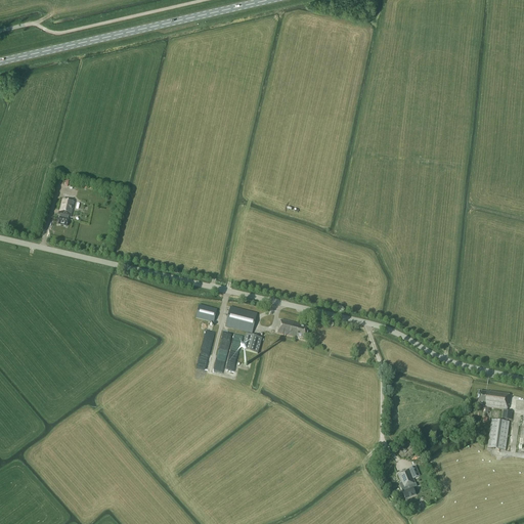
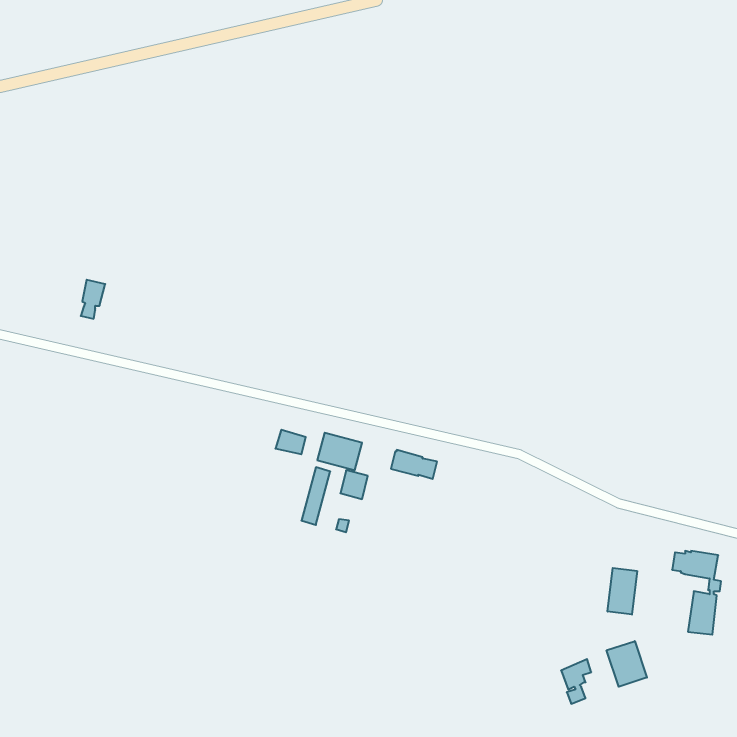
building: none -> [608,568,637,615]
building: none -> [607,641,647,687]

